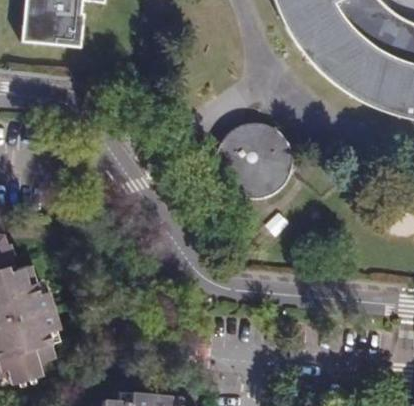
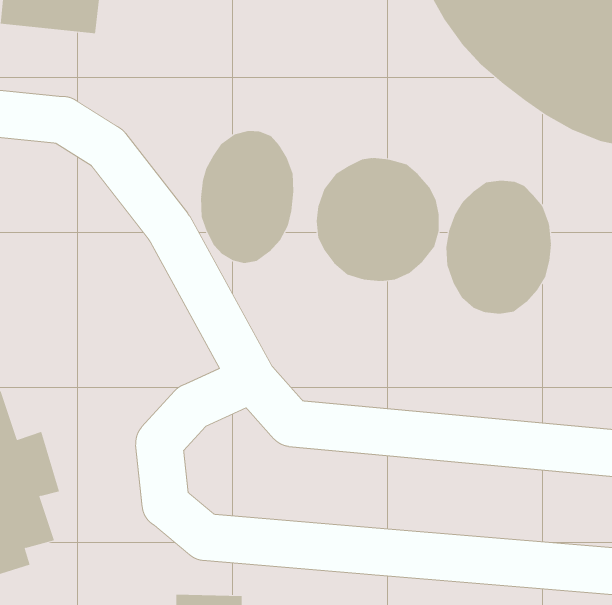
building: none -> [201,130,294,264]
building: none -> [446,180,551,314]

